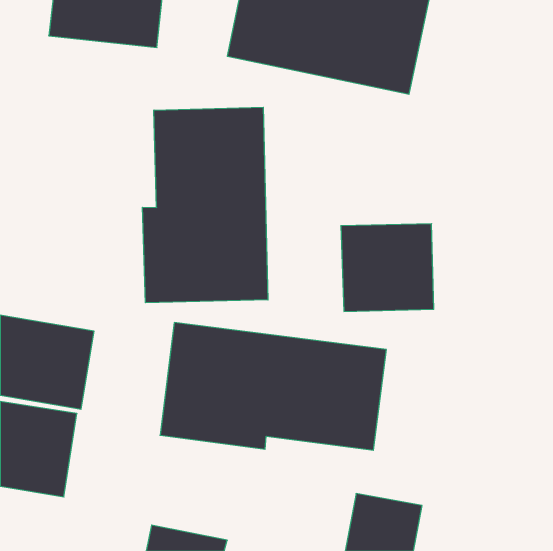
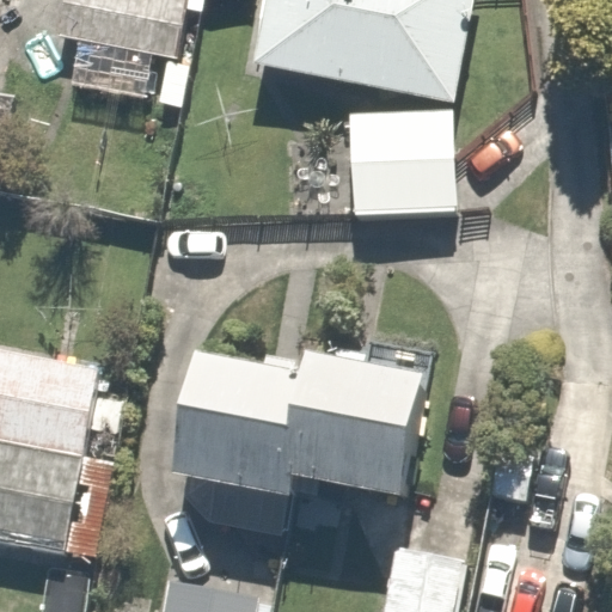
building: [143,107,268,303] -> none
building: [341,224,434,311] -> [348,118,451,215]

